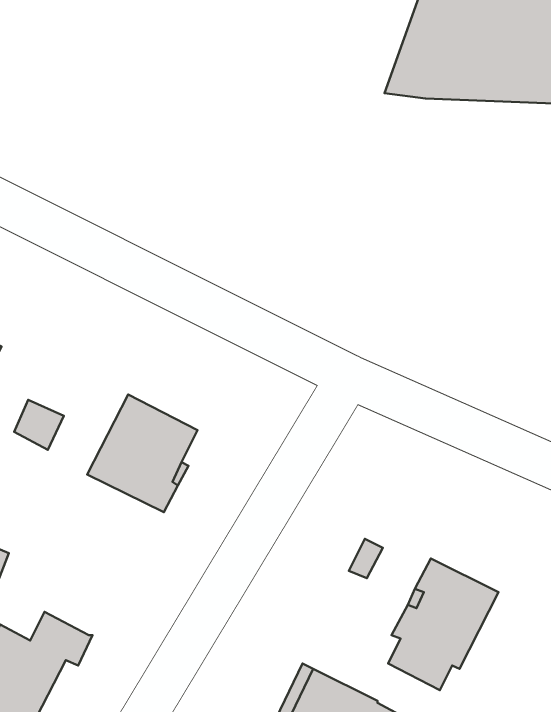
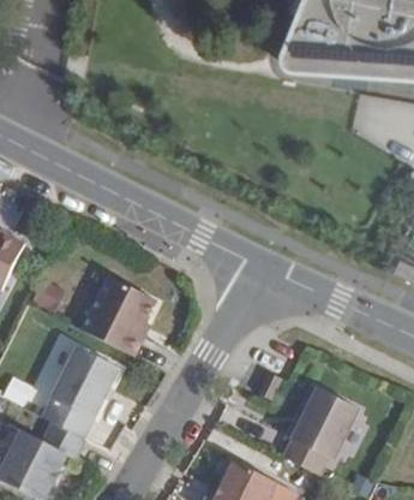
building: none -> [42,345,118,436]

